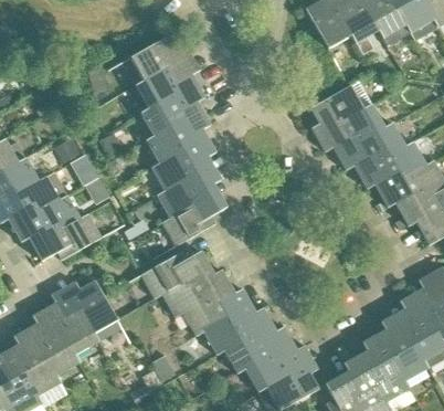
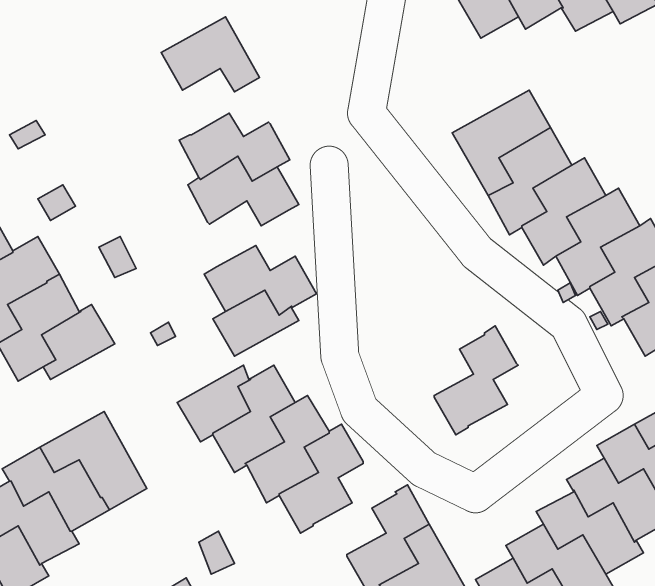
building: [135,67,203,109] -> none
building: [150,149,220,192] -> none
building: [223,306,275,373] -> [434,326,518,435]

